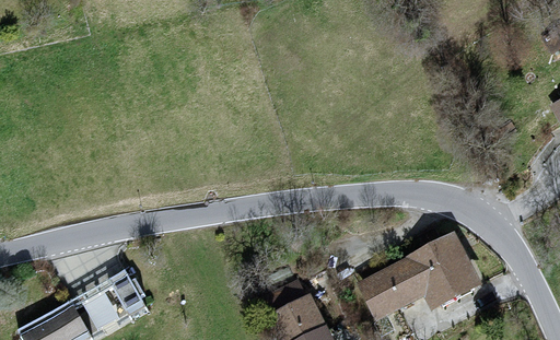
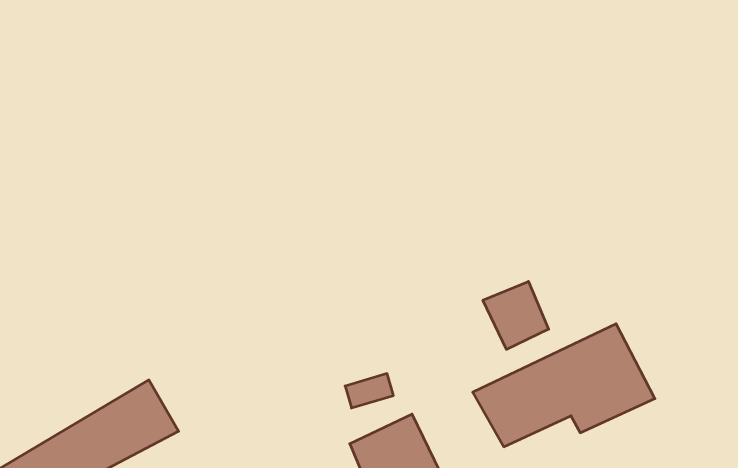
building: none -> [483,281,549,349]

